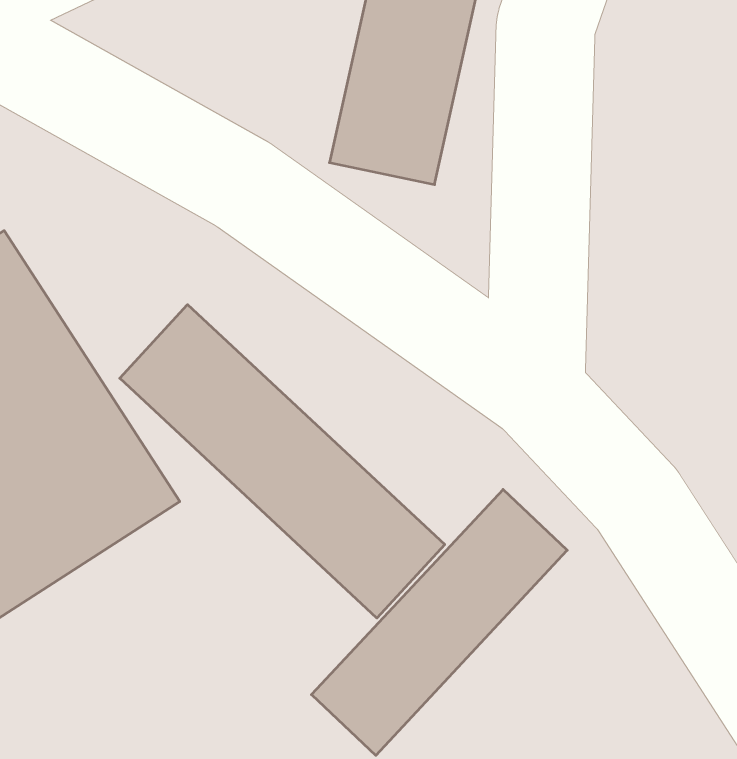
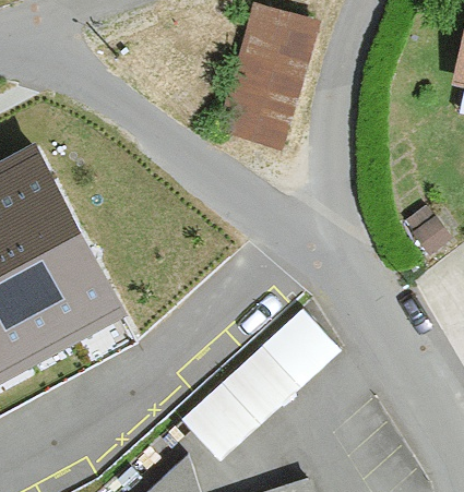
building: [120,305,445,618] -> none

